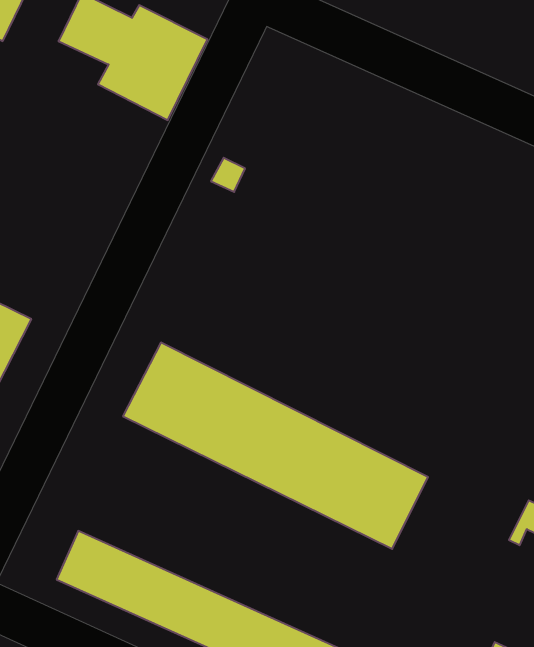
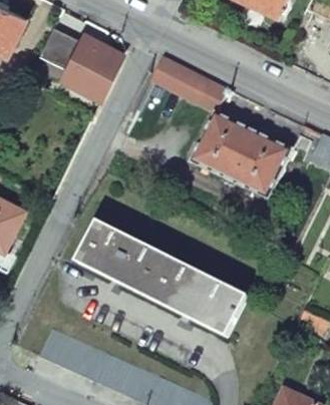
building: none -> [150,58,292,201]

